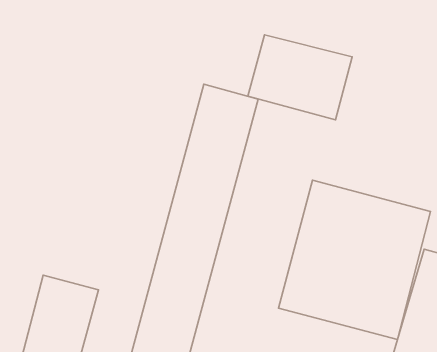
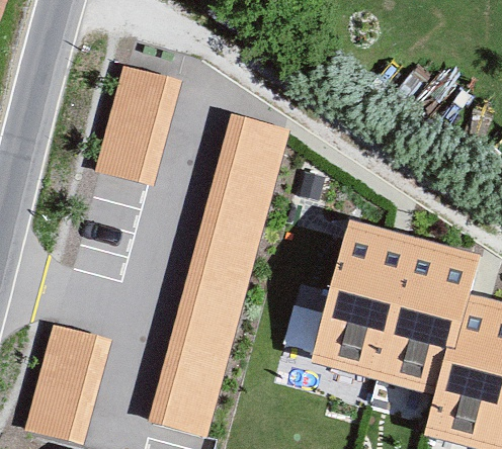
building: [248,35,352,120] -> none
building: none -> [94,65,184,189]

